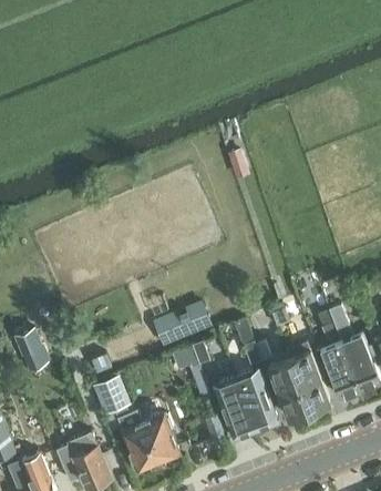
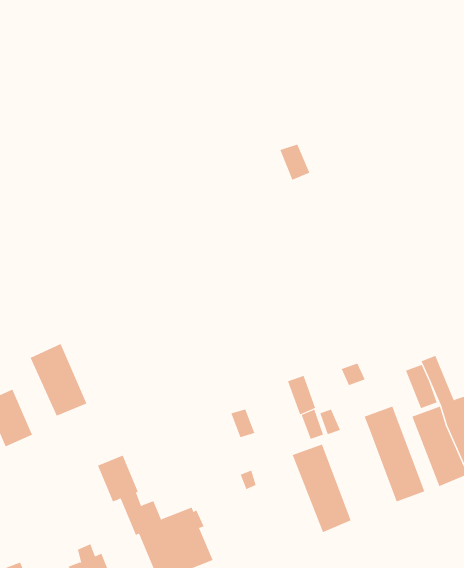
building: none -> [30,343,87,416]
building: [151,301,210,347] -> none
building: [270,357,310,419] -> none
building: [214,376,257,440] -> none

